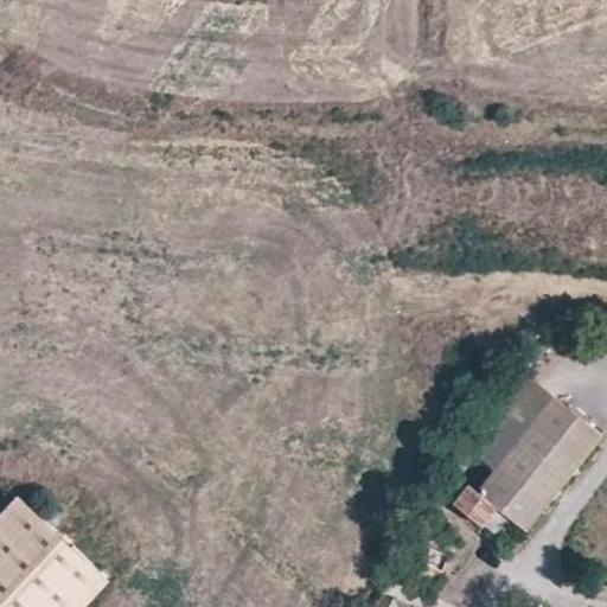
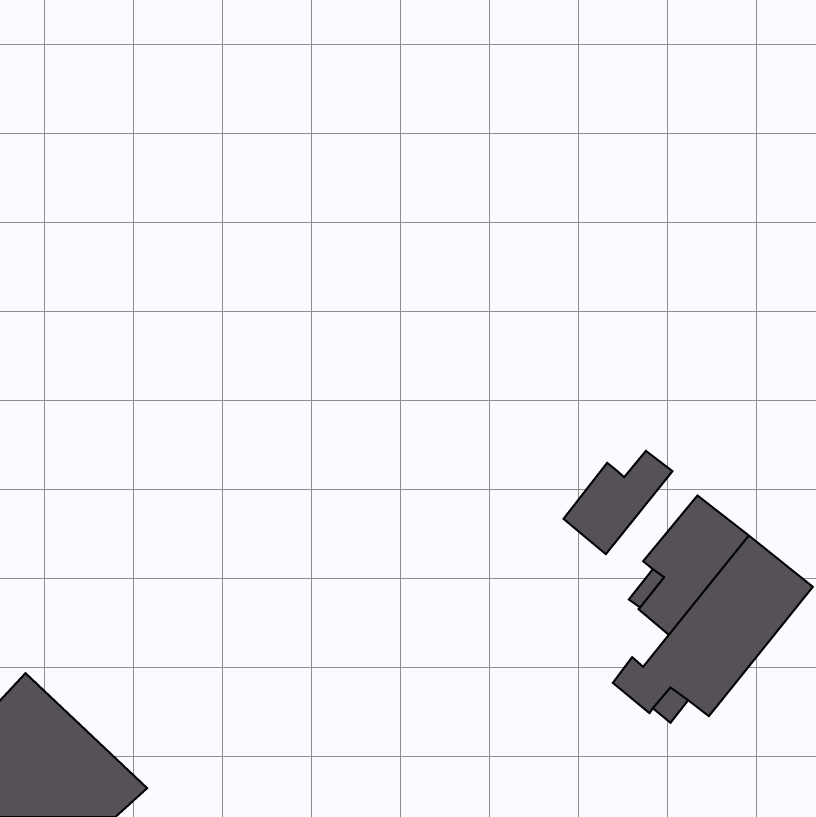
building: none -> [563,451,673,554]

